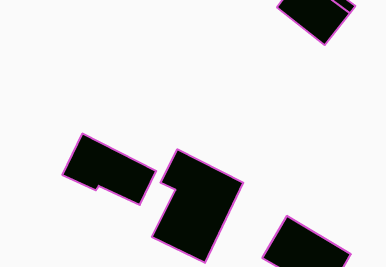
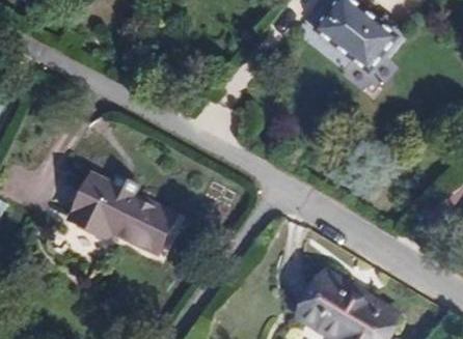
building: [152,149,243,263] -> none

